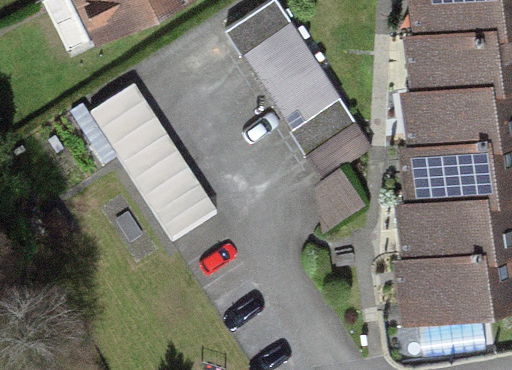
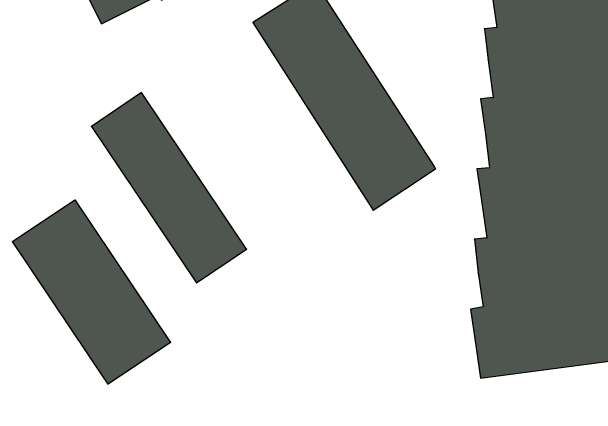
building: none -> [12,200,171,384]

